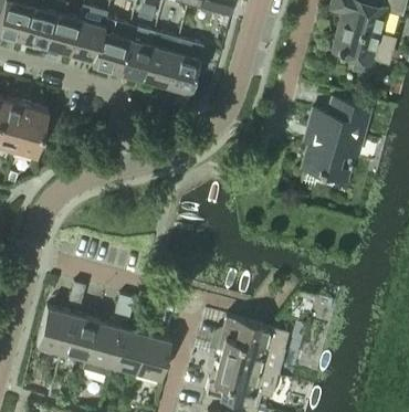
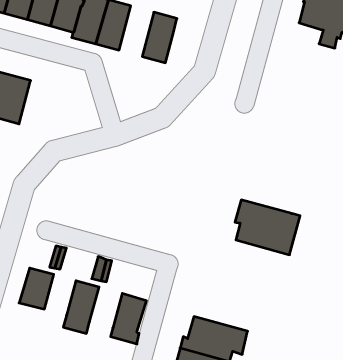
building: [143,32,179,85] -> none
building: [303,97,368,175] -> none
building: [64,314,97,357] -> none
building: [220,316,289,373] -> [235,200,300,255]
building: [112,327,146,370] -> none

